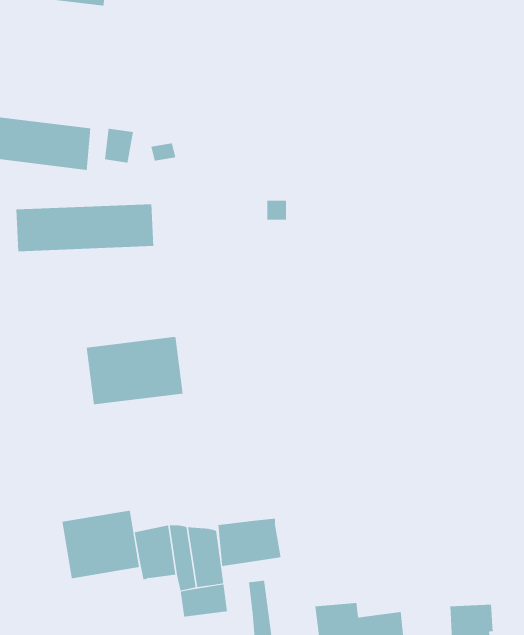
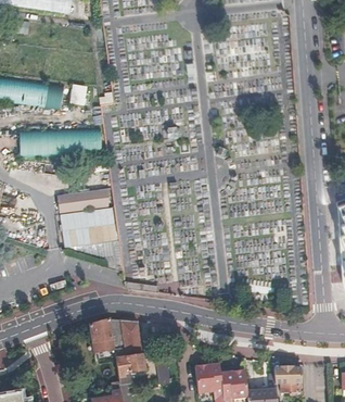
building: none -> [59,189,113,214]
building: [62,510,139,579] -> none
building: [218,518,281,567] -> none

